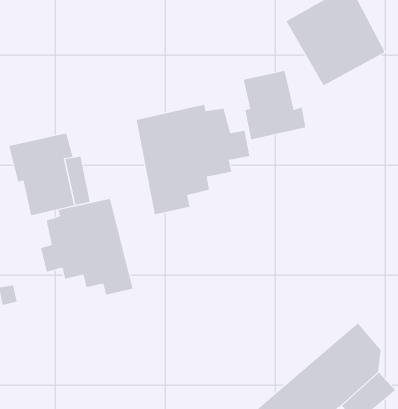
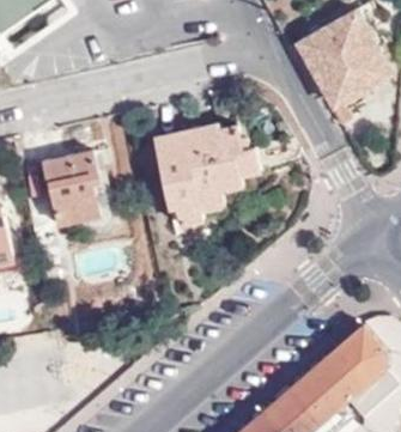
building: [243,70,306,140] -> none
building: [40,198,133,296] -> none

